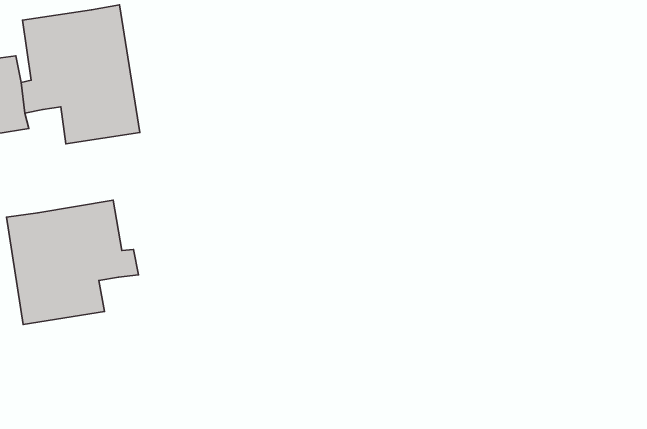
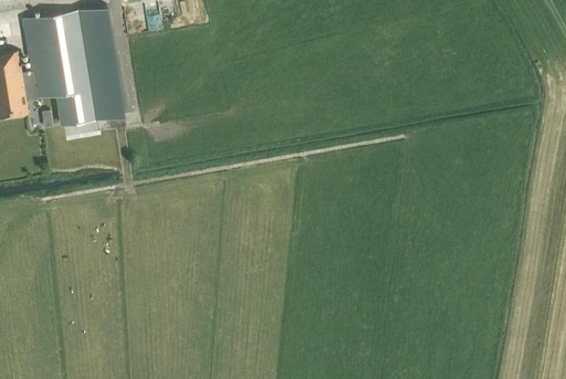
building: [7,200,138,324] -> none

